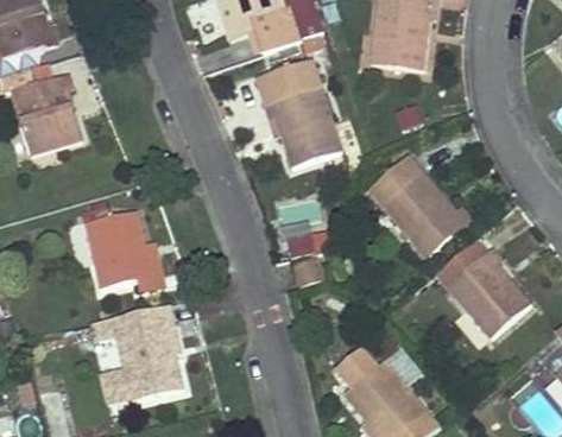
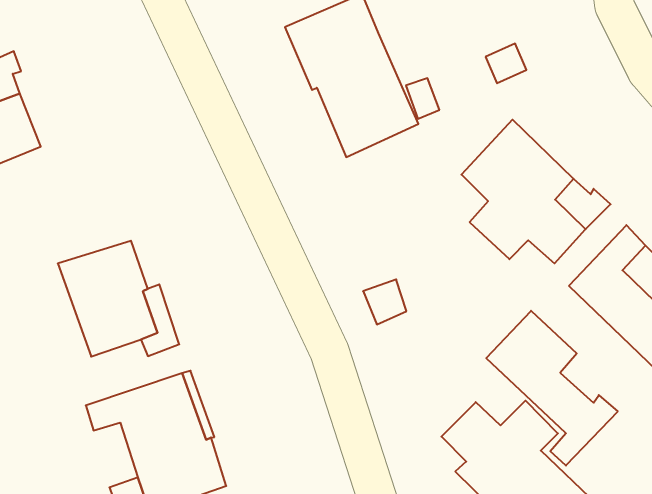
building: none -> [486,311,618,466]

